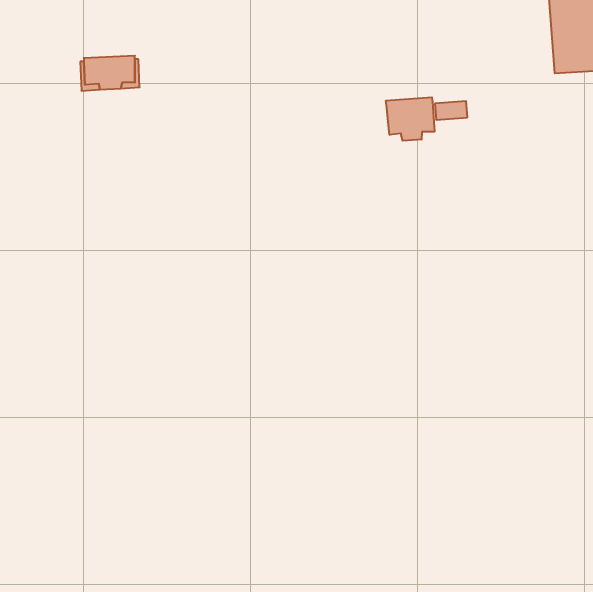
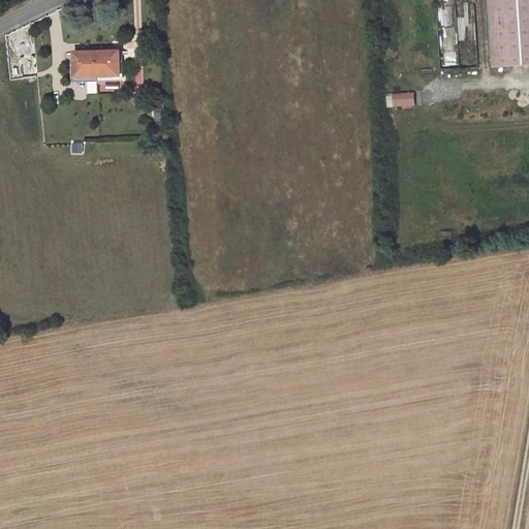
building: [386,97,434,141] -> none

